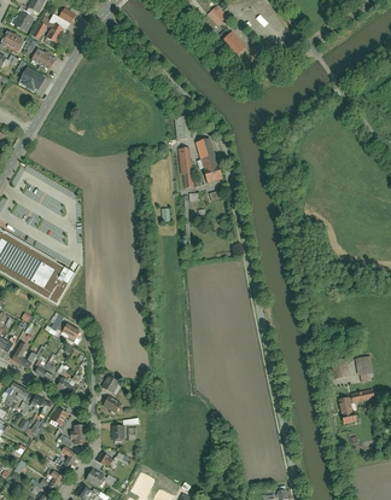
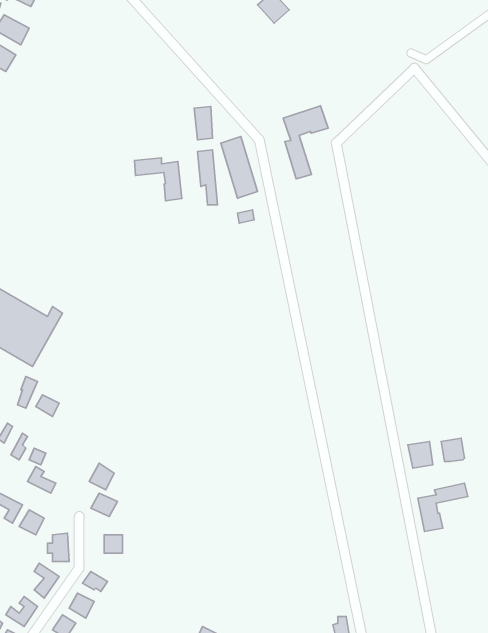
building: none -> [283,106,328,179]
building: none -> [134,158,182,201]

